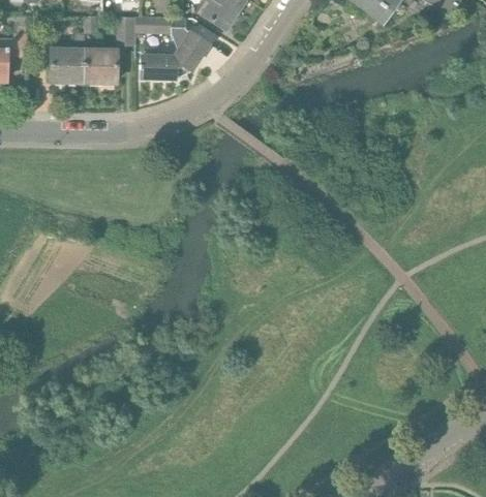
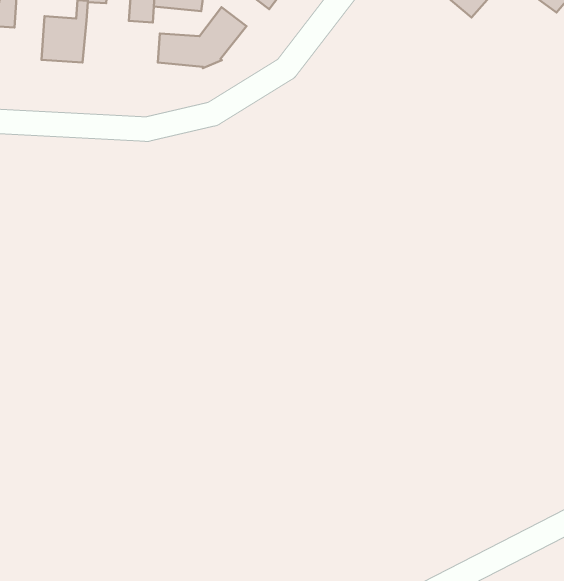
building: [82,46,117,85] -> none

